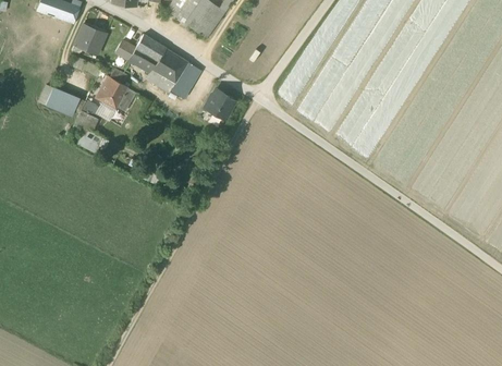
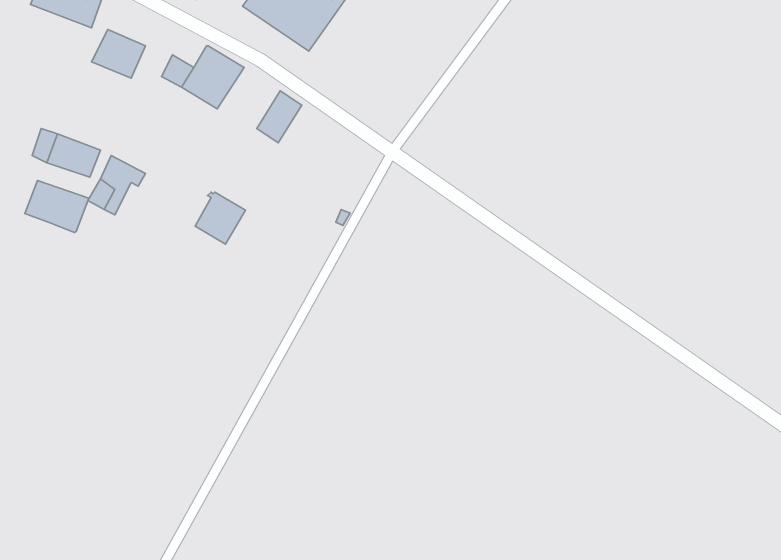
building: [149,48,188,89] -> none
building: [98,77,128,109] -> [195,192,245,244]
building: [205,88,235,119] -> none
building: none -> [25,180,89,232]

